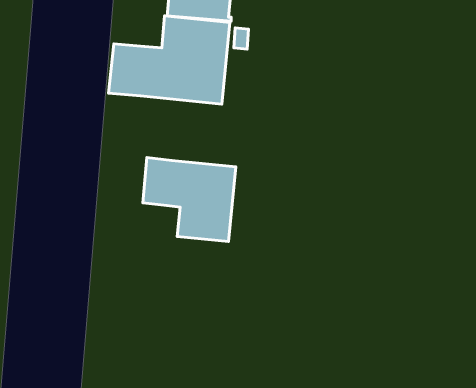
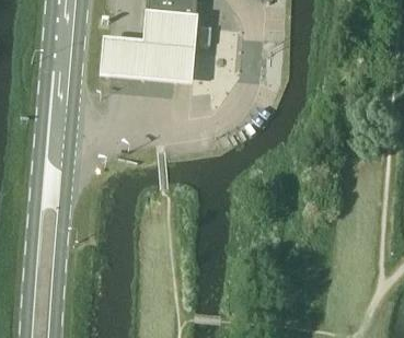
building: [143,158,236,241] -> none

